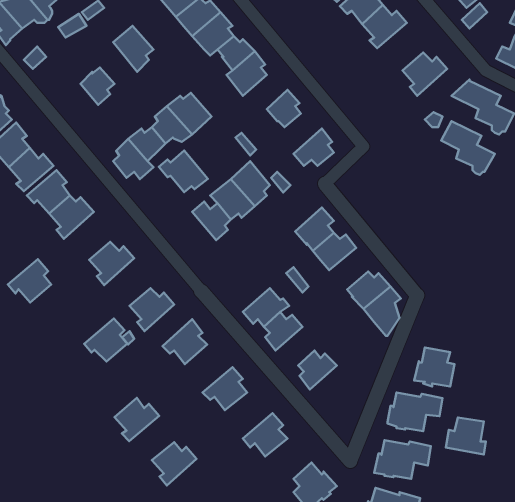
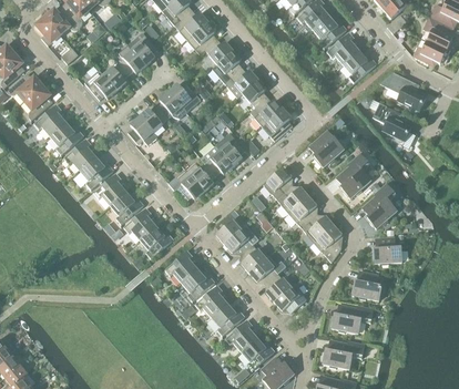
building: none -> [326,32,358,64]
building: none -> [118,43,145,74]
building: none -> [224,68,257,98]
building: none -> [84,70,116,100]
building: none -> [249,96,283,126]
building: [159,150,208,192] -> [167,170,204,201]
building: none -> [308,130,344,166]
building: none -> [335,153,370,197]
building: none -> [361,183,396,227]
building: none -> [288,196,317,227]
building: [8,259,51,302] -> [93,173,125,205]
building: none -> [215,212,244,244]
building: none -> [374,236,401,264]
building: [84,318,127,362] -> [123,207,155,239]
building: none -> [248,255,285,284]
building: none -> [274,284,306,313]
building: [114,398,159,441] -> [181,268,214,300]
building: [446,417,486,454] -> none
building: none -> [241,338,274,370]
building: [152,442,197,486] -> [211,304,244,336]

